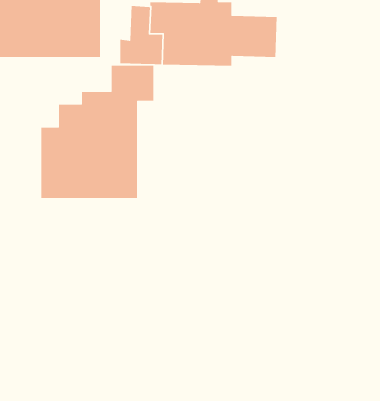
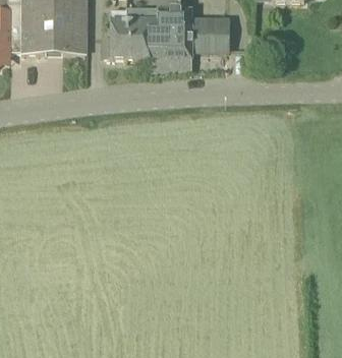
building: [41,65,154,199] -> none

